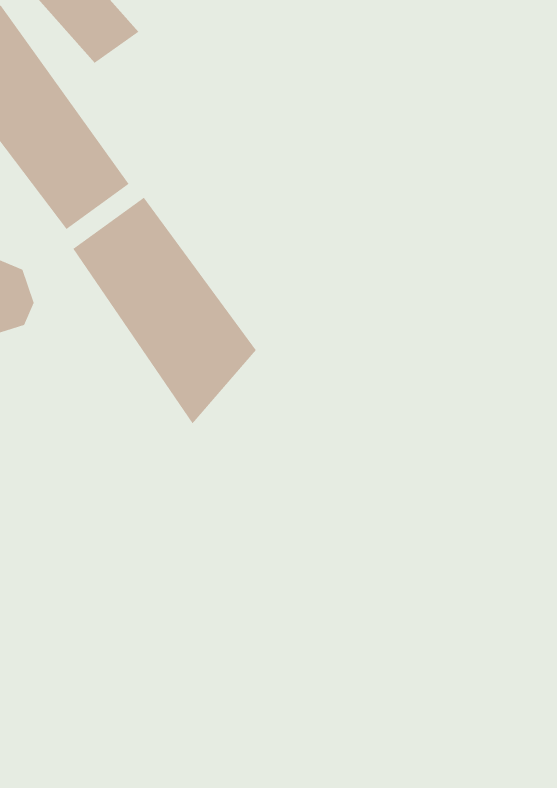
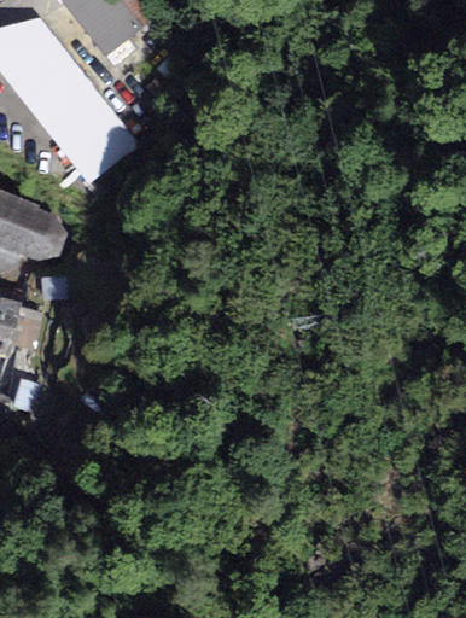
building: [72,197,256,424] -> none

